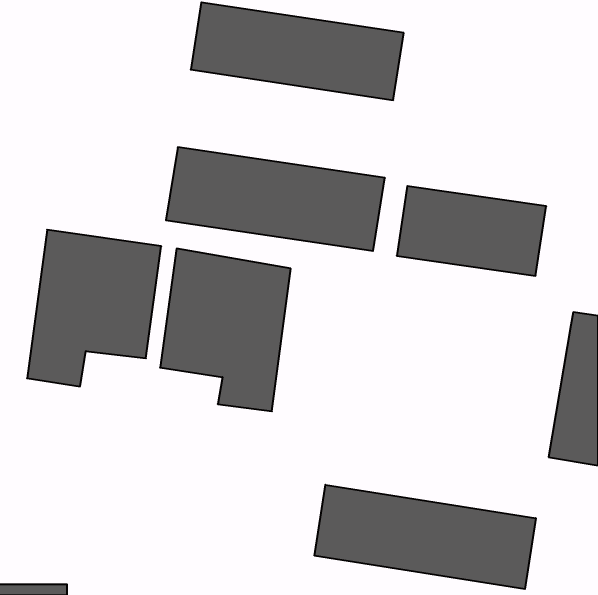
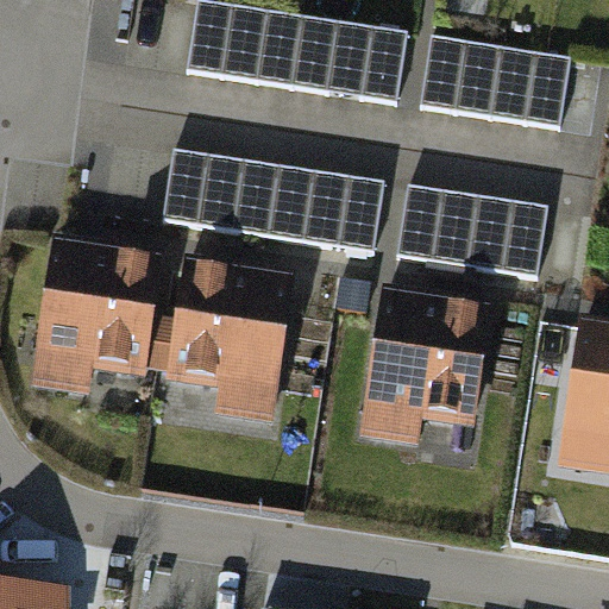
building: none -> [426,37,571,128]
building: none -> [350,285,483,446]
building: [315,485,536,589] -> none

